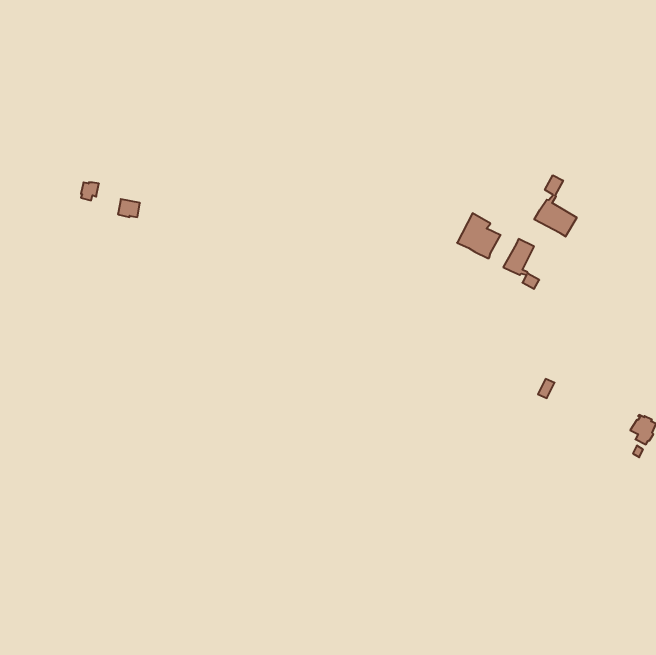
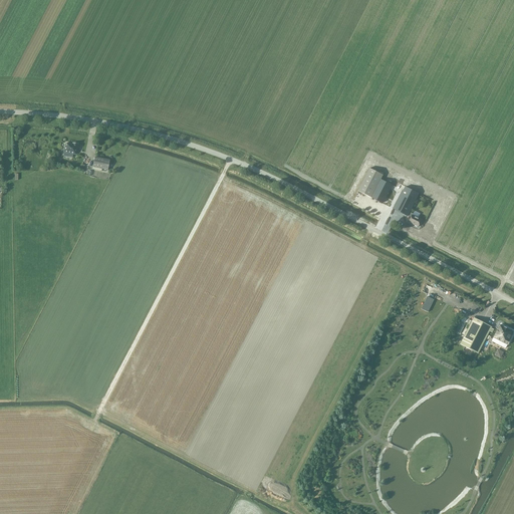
building: [534,175,577,237] -> none
building: none -> [460,316,492,352]

